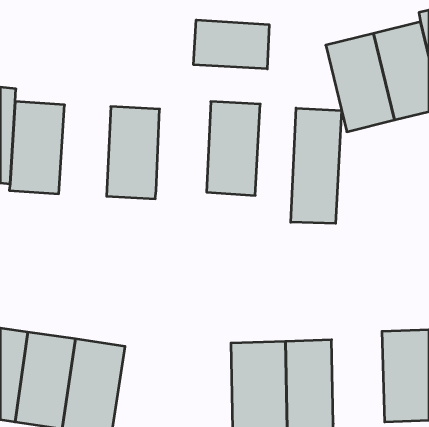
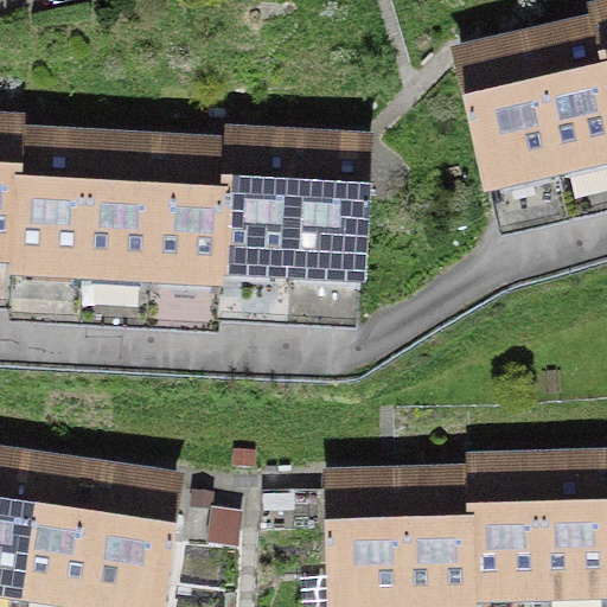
building: [194,20,269,69] -> none
building: none -> [221,142,298,274]
building: none -> [83,151,156,280]
building: [291,108,342,223] -> none
building: none -> [468,471,543,601]

